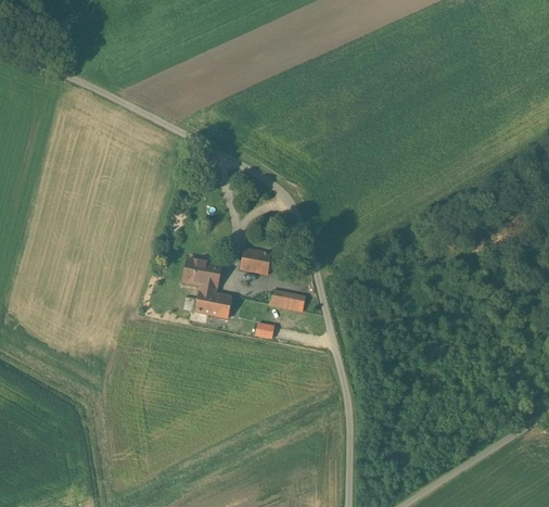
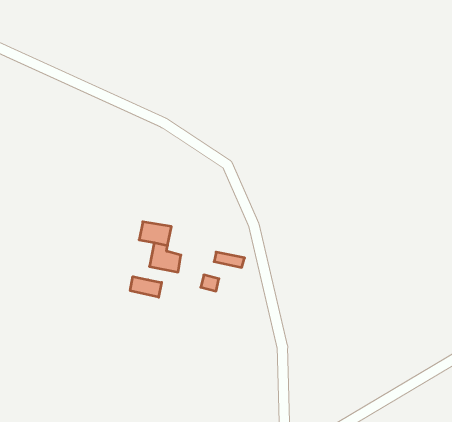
building: [240,248,270,279] -> none
building: none -> [130,277,162,297]

